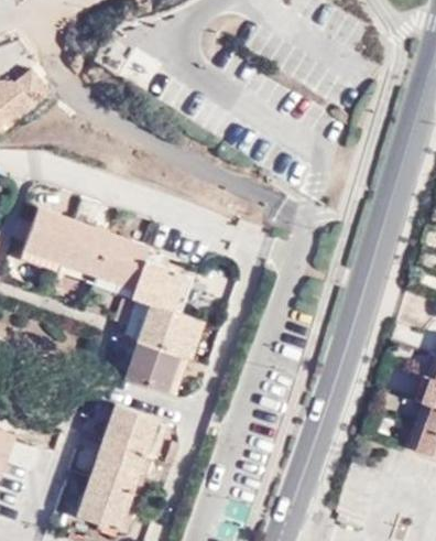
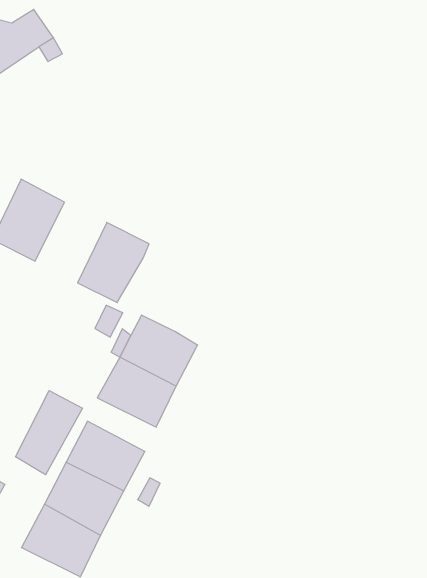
building: [61,223,115,286] -> none
building: [131,260,194,316] -> none
building: none -> [16,391,82,475]

